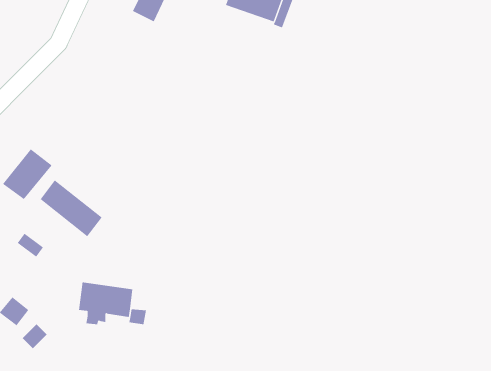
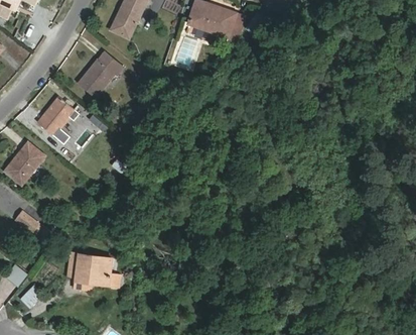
building: none -> [79,52,123,96]
building: none -> [37,96,79,134]
building: [40,180,102,237] -> none

